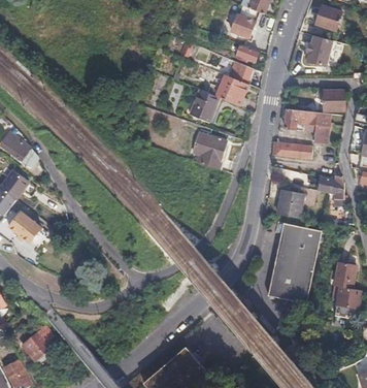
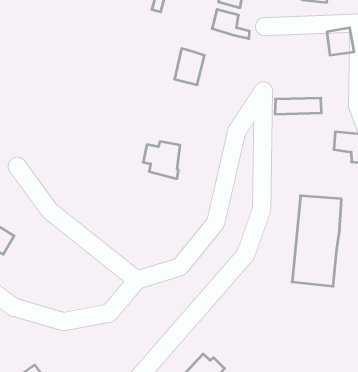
building: [206,73,247,107] -> none
building: [286,109,329,131] -> none
building: [193,135,226,168] -> [143,142,180,179]
building: [277,190,304,218] -> none

